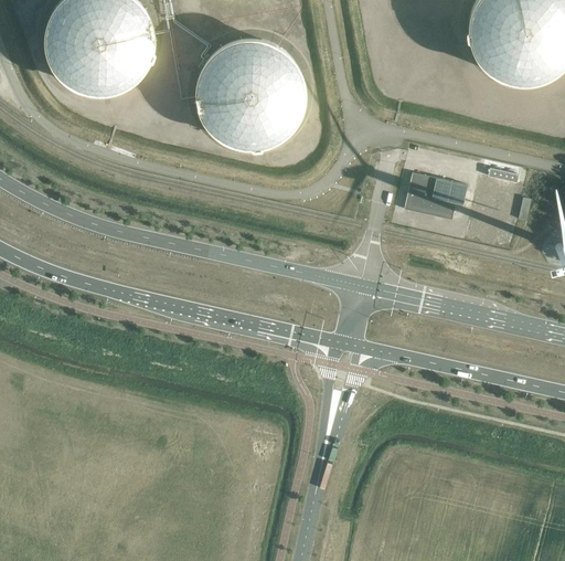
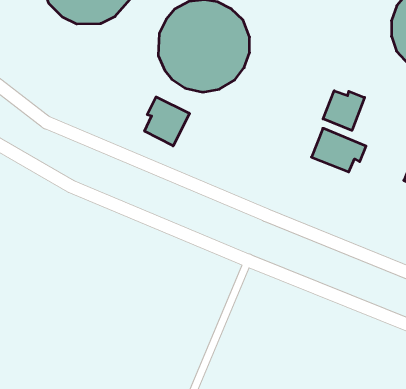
building: none -> [323,91,365,130]
building: none -> [145,97,190,146]

